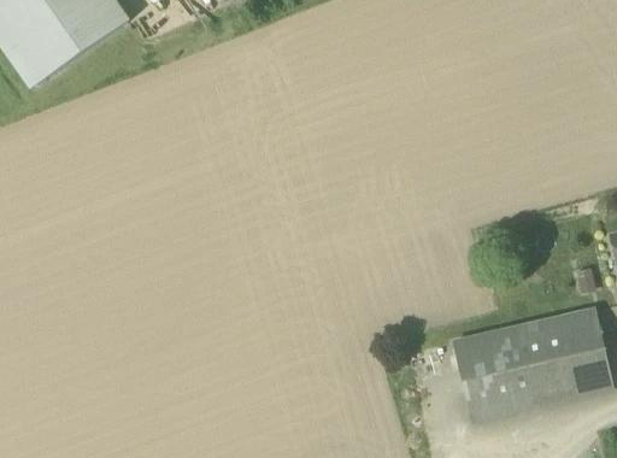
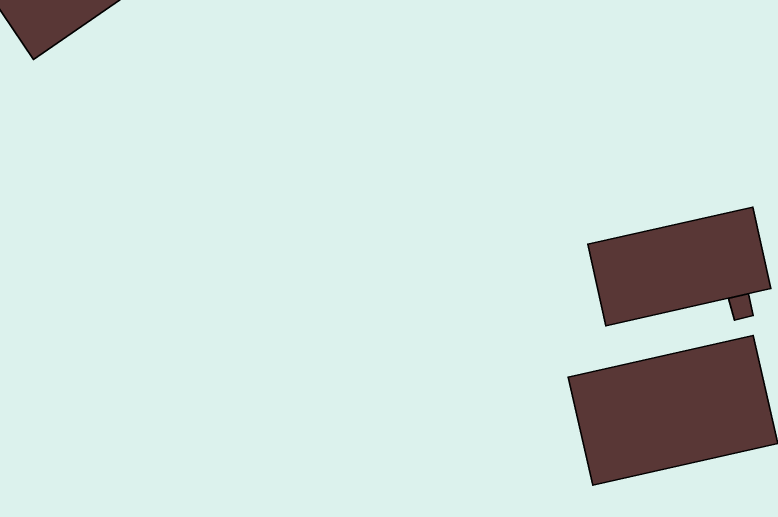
building: none -> [588,207,771,326]

